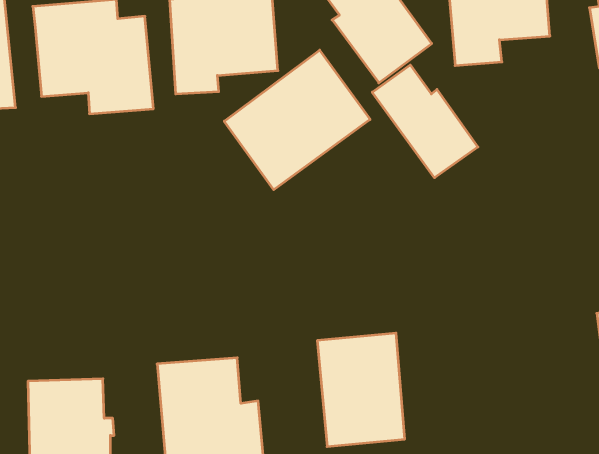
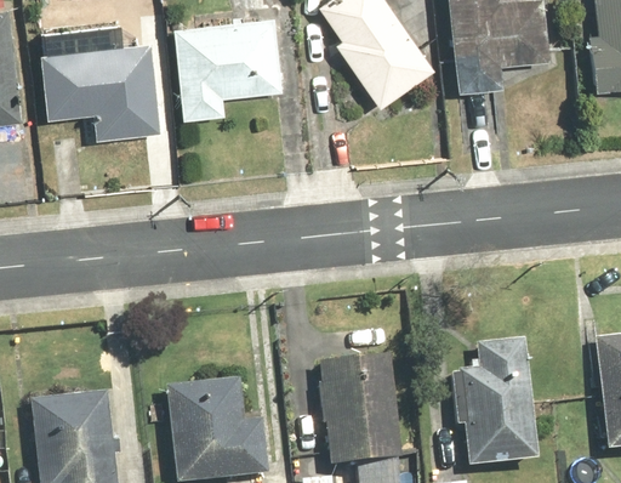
building: [224,50,370,190] -> none
building: [372,65,478,178] -> none
building: none -> [456,336,541,467]

